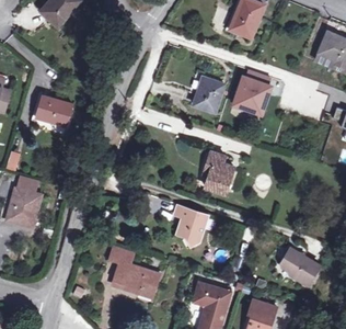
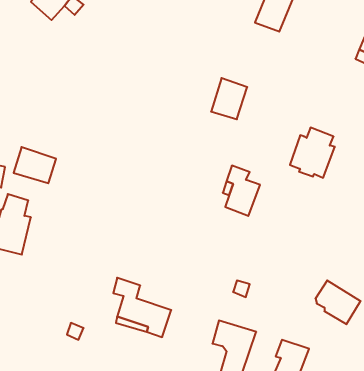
building: [233,69,272,112] -> [290,128,335,178]
building: [35,94,71,125] -> [14,147,56,183]
building: [172,204,207,245] -> none

